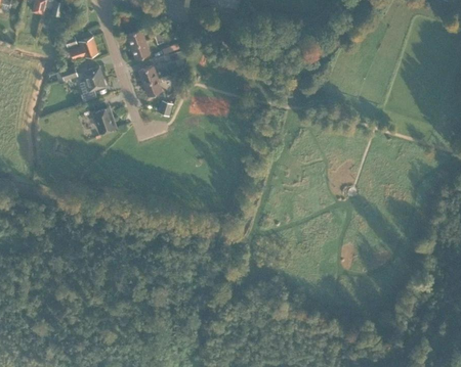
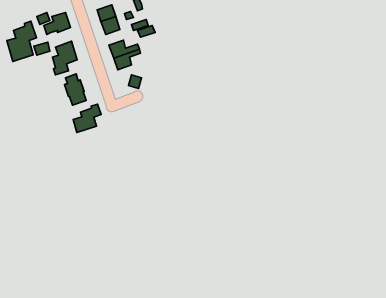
building: none -> [7,21,36,62]
building: none -> [73,104,101,133]

